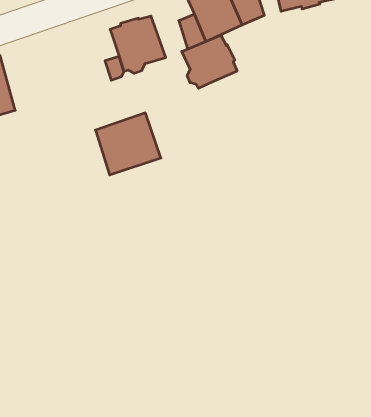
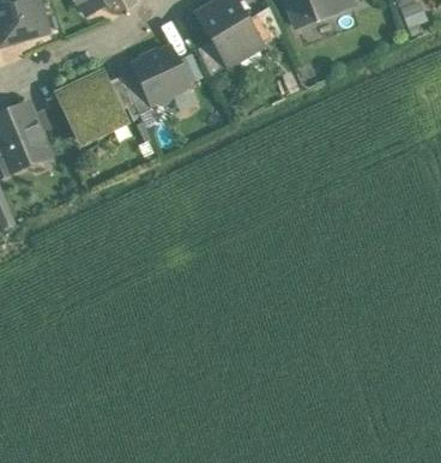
building: [182,35,237,88] -> none
building: [95,113,161,175] -> [58,73,125,138]

